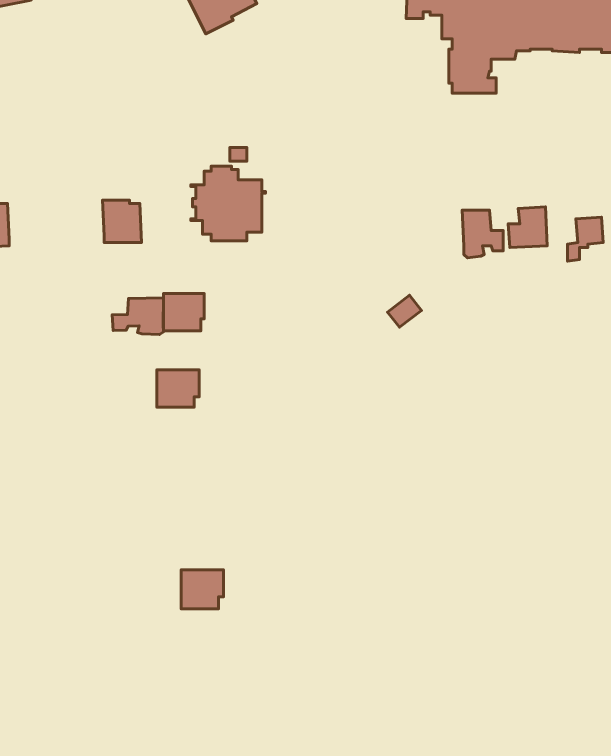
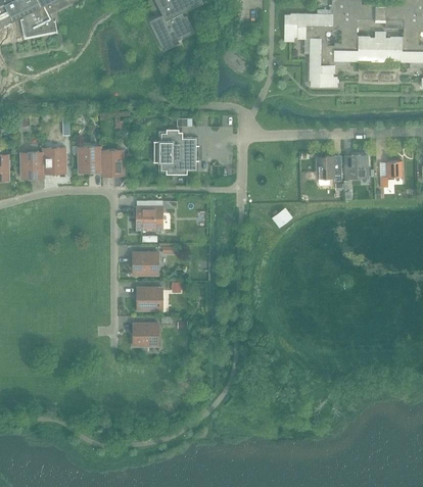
building: none -> [78,145,101,172]
building: none -> [43,146,66,173]
building: [112,298,164,335] -> none
building: none -> [137,286,162,309]
building: [181,570,224,609] -> [133,322,158,345]

